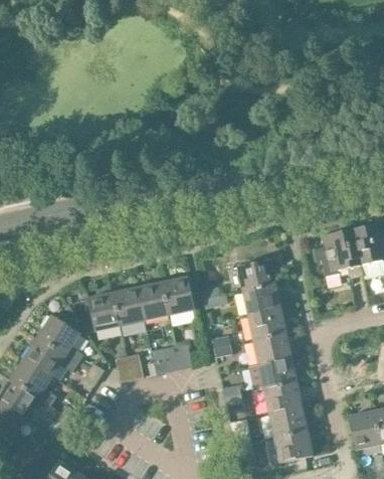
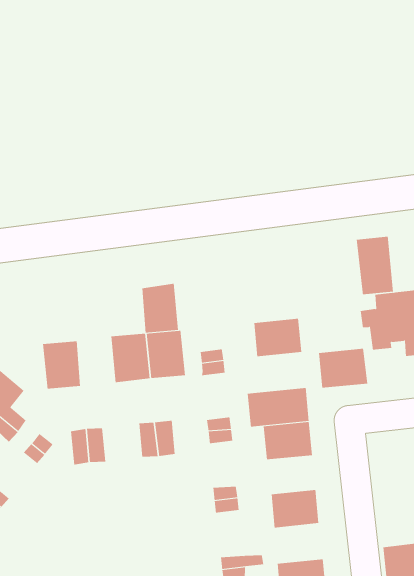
building: none -> [356,236,393,295]
building: [242,283,280,315] -> [318,348,368,388]
building: [113,287,143,325] -> [142,283,179,333]
building: [249,356,296,389] -> none
building: [268,405,307,437] -> none

